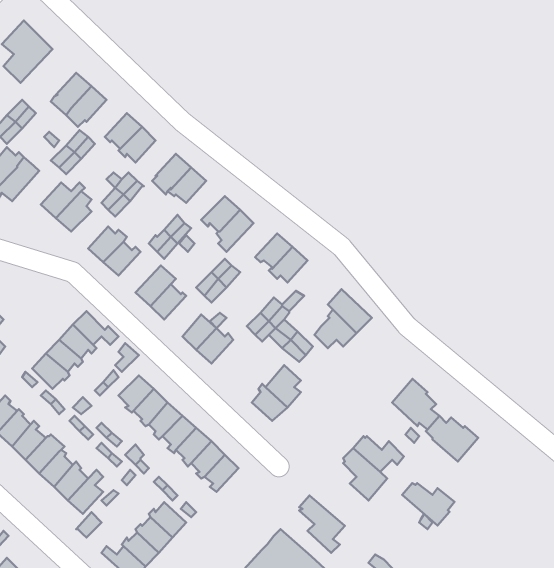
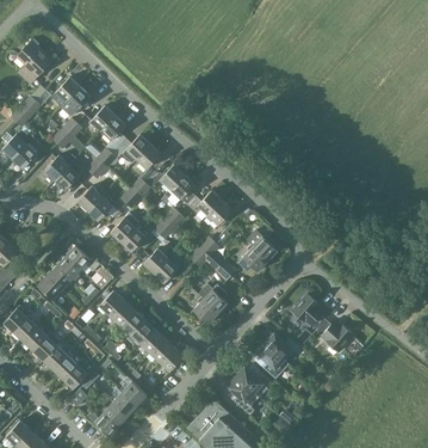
building: [402,483,454,525] -> [234,367,271,397]

